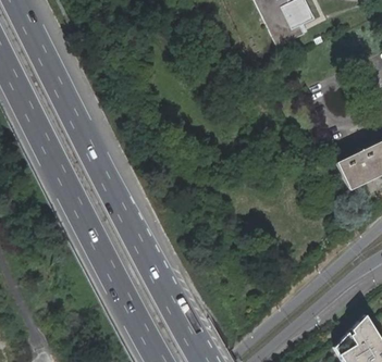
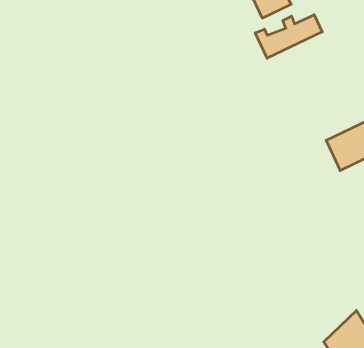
building: none -> [255,15,322,58]

